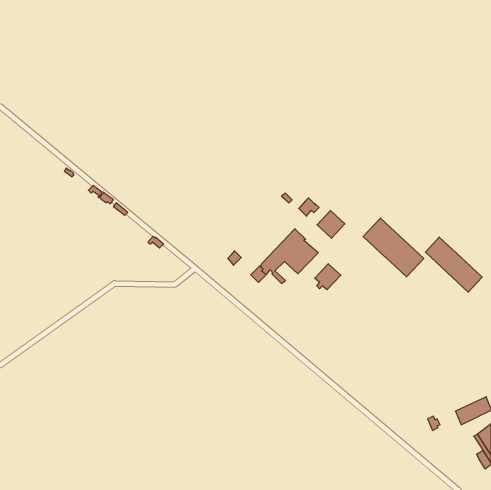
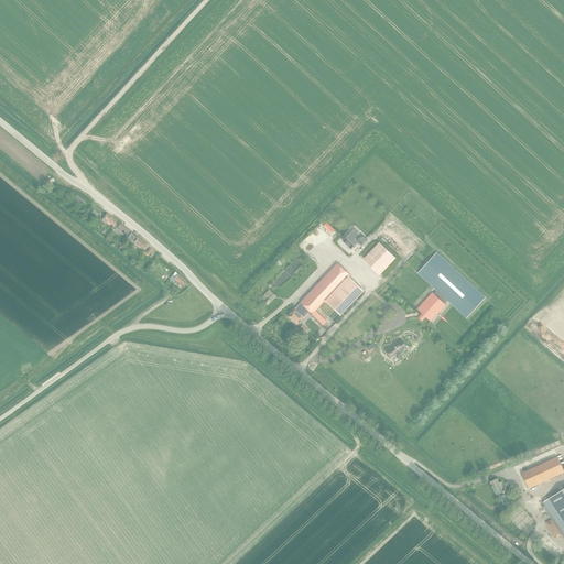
building: [425,237,482,292] -> none
building: [315,264,341,290] -> [416,291,446,321]

